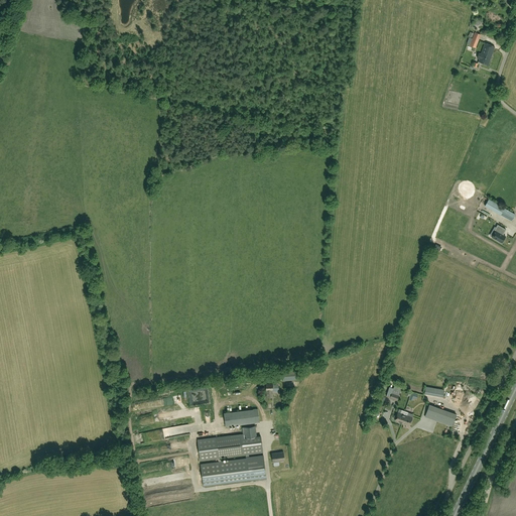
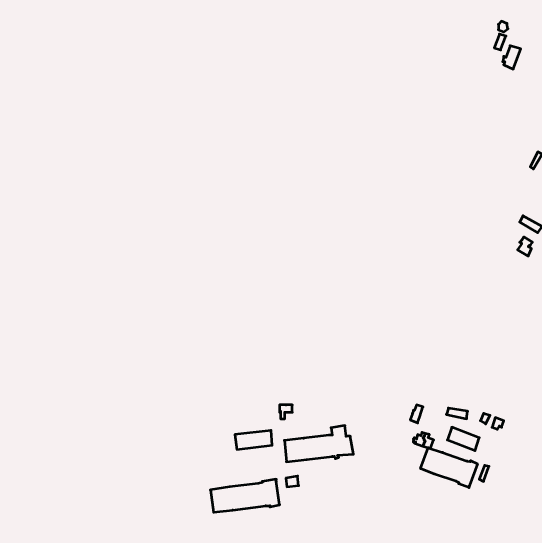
building: none -> [421,448,477,488]
building: [197,425,262,460] -> [284,426,353,462]

